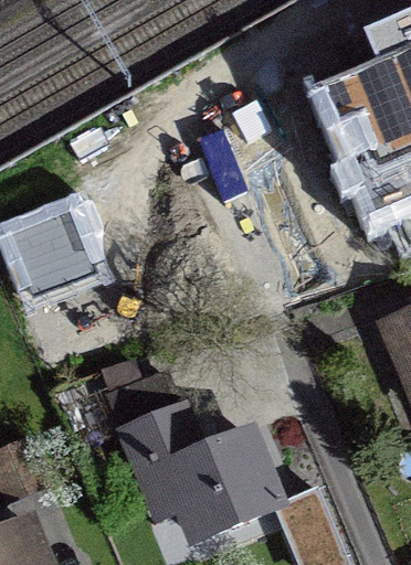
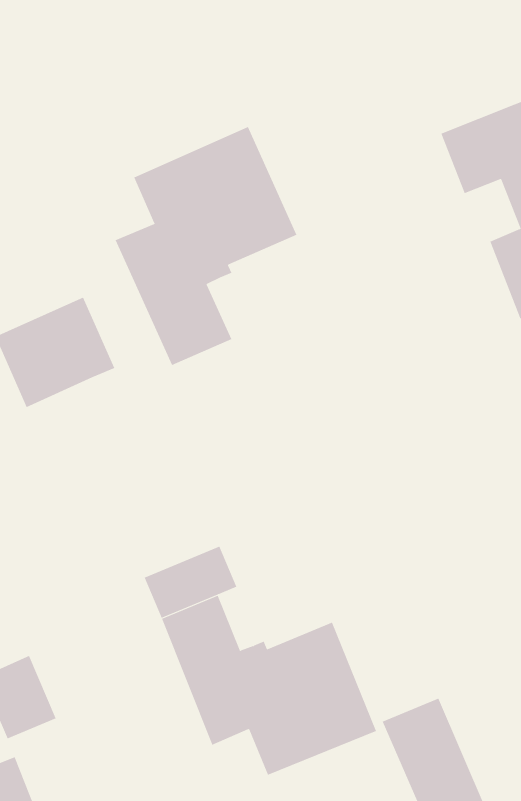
building: none -> [115,126,297,366]

